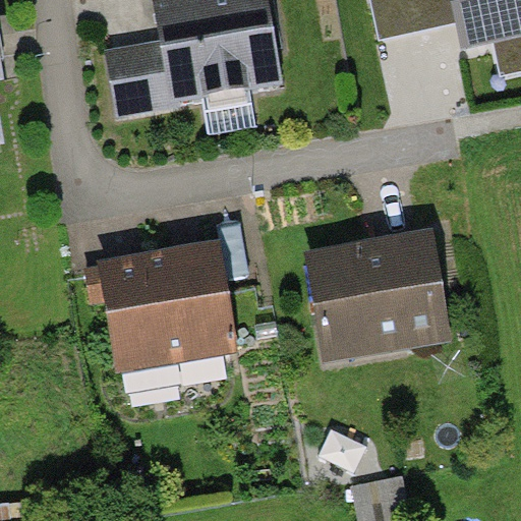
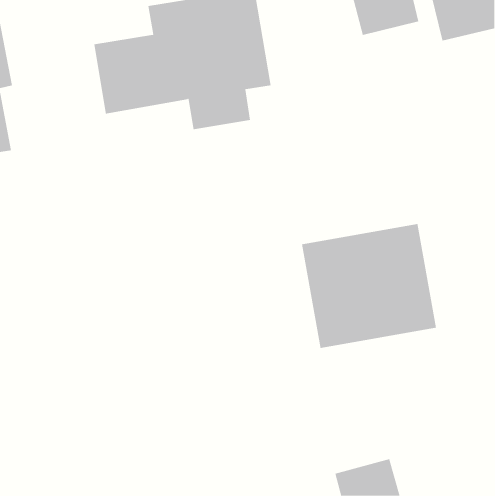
building: [75,244,240,382] -> none

